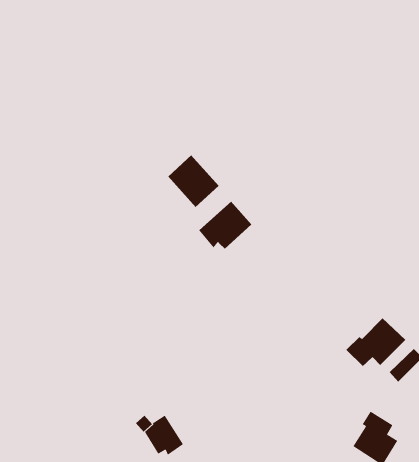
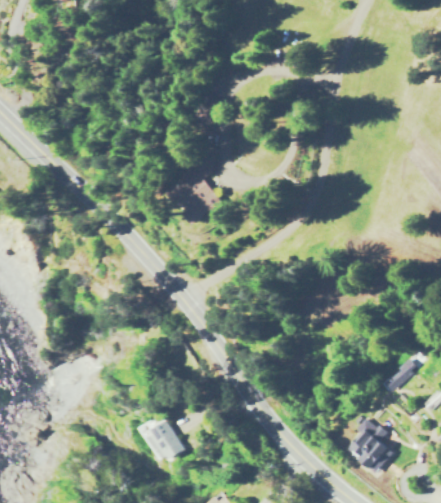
building: [198,201,252,250] -> none
building: [346,318,406,367] -> none

